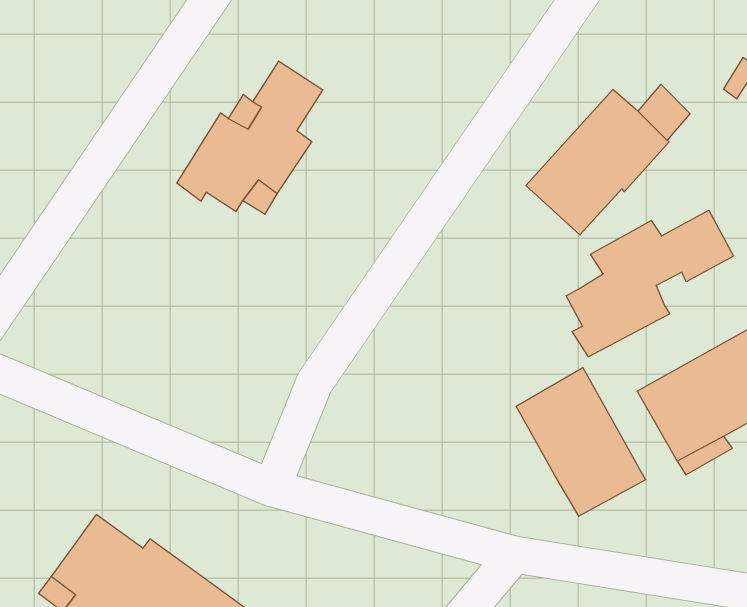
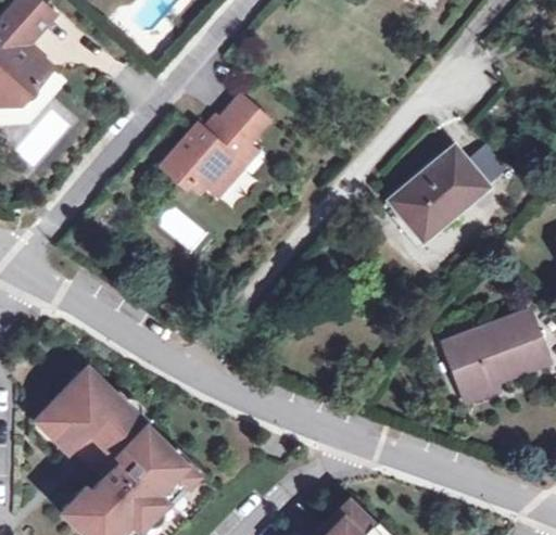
building: [566,210,734,357] -> none
building: [516,368,646,516] -> none

